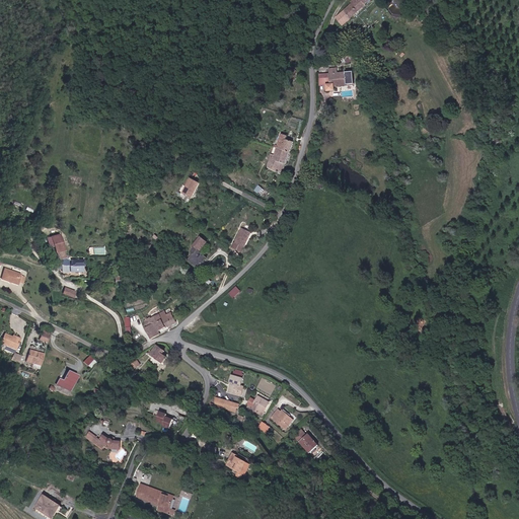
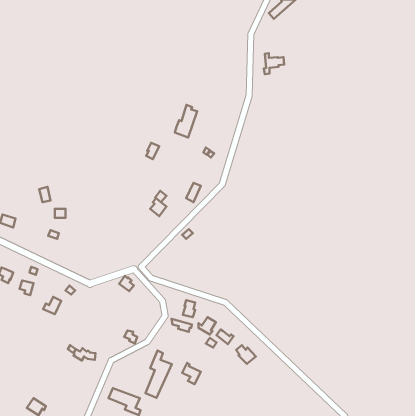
building: [266,133,293,173] -> [175,105,197,137]
building: [142,310,175,338] -> none
building: none -> [145,350,172,398]

